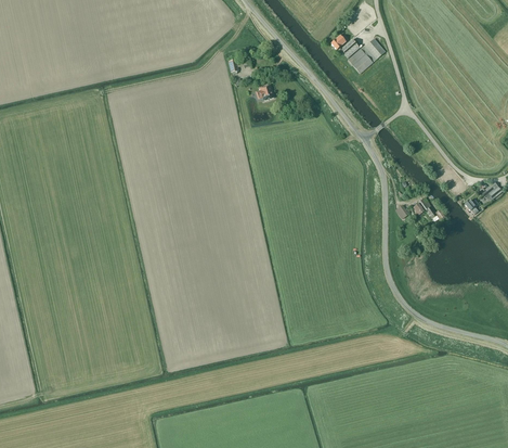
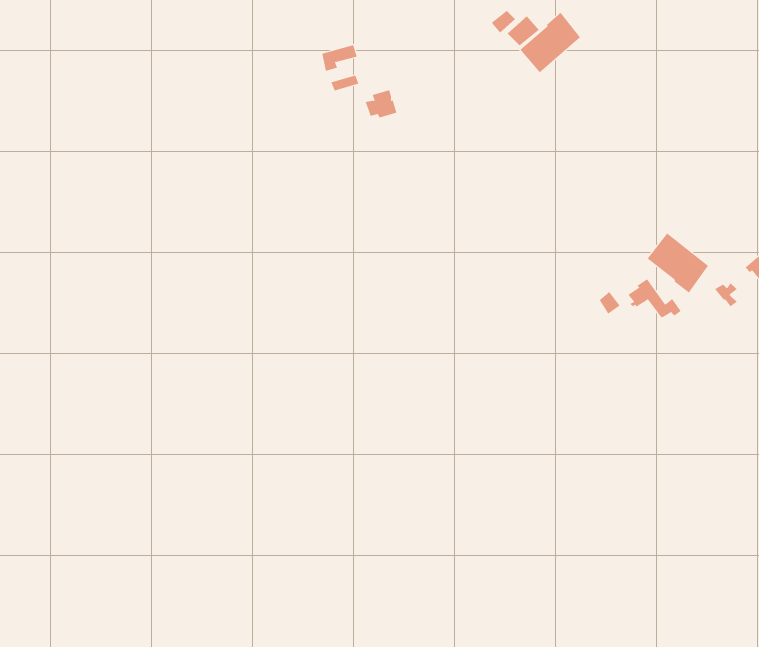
building: none -> [647,233,709,294]

